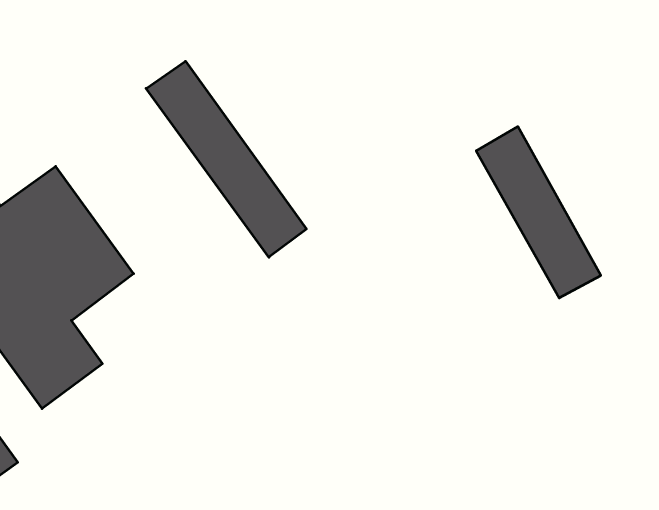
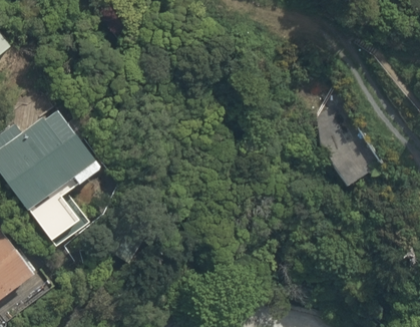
building: [146,61,306,257] -> none

